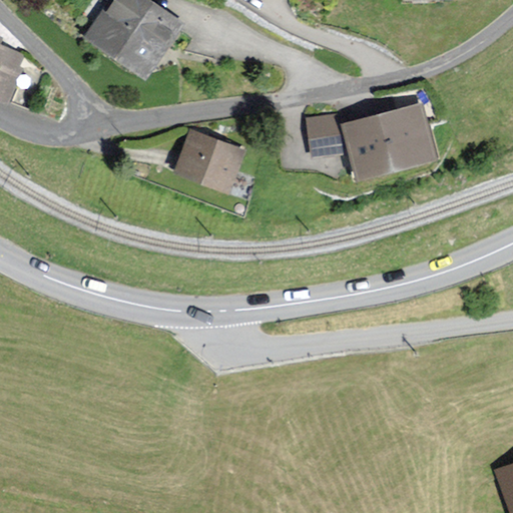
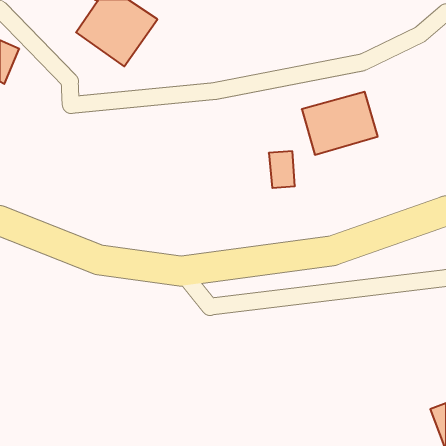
building: [306,109,336,151] -> [269,151,295,188]
building: [177,130,241,188] -> none

